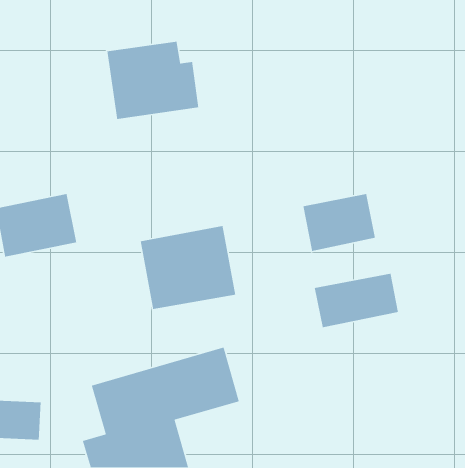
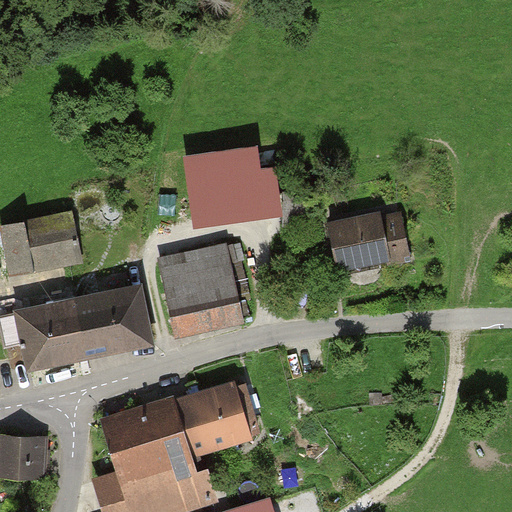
building: [106,41,199,120] -> [181,135,282,221]
building: none -> [11,285,155,373]
building: [314,273,399,328] -> none

